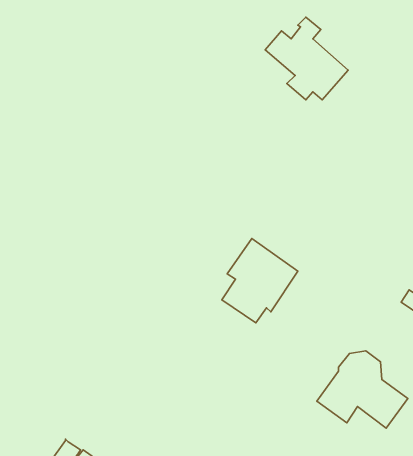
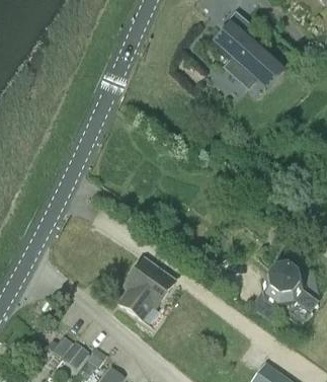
building: [222,239,298,323] -> [119,257,176,320]

